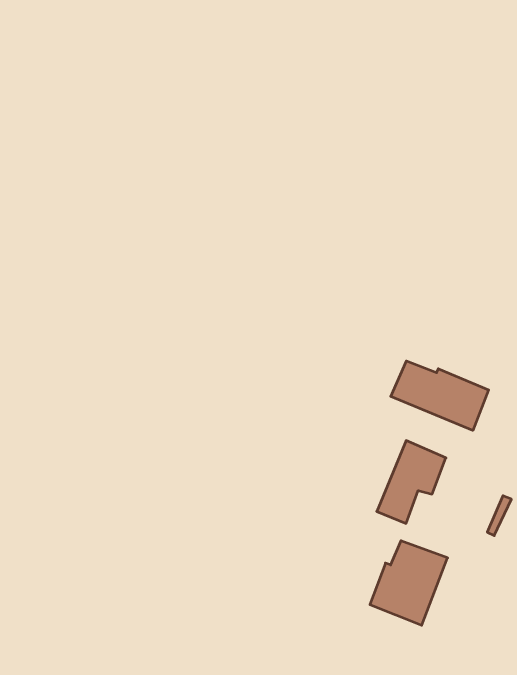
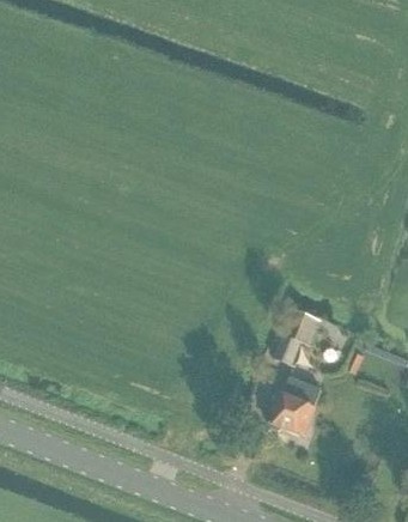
building: [391,361,489,430] -> none

